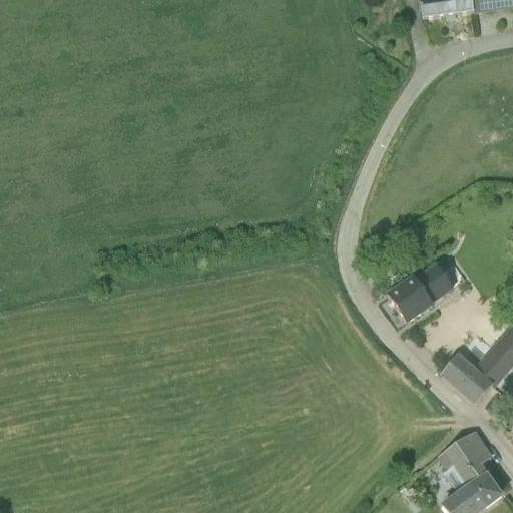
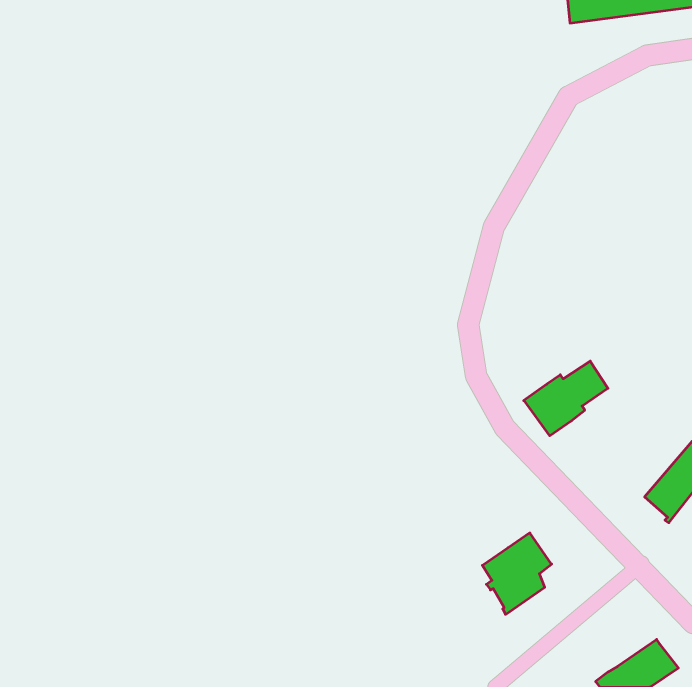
building: [441,352,494,403] -> none
building: [440,432,491,492] -> [482,533,552,614]

